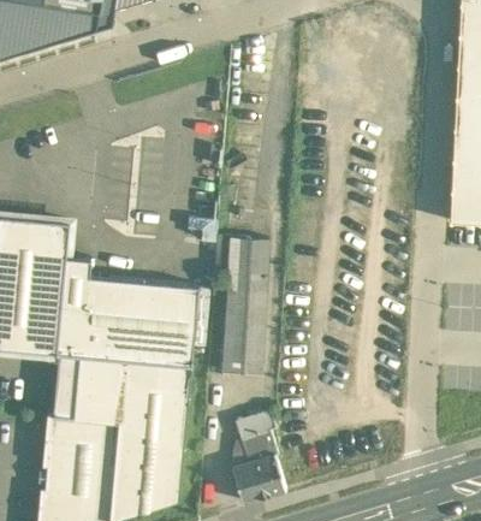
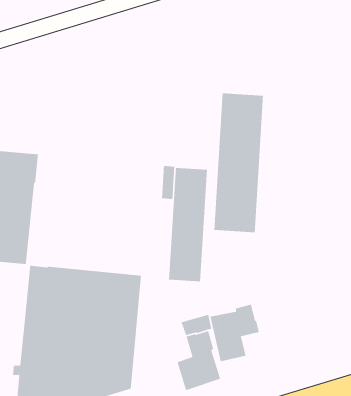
building: none -> [213,92,264,233]
building: [55,259,198,367] -> none
building: none -> [209,303,260,362]

